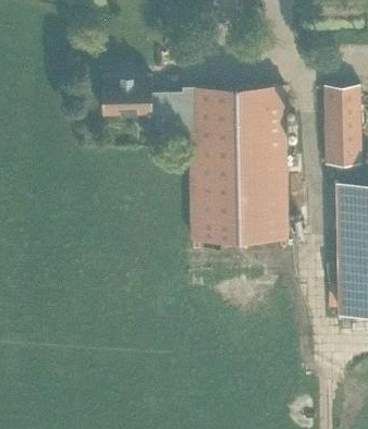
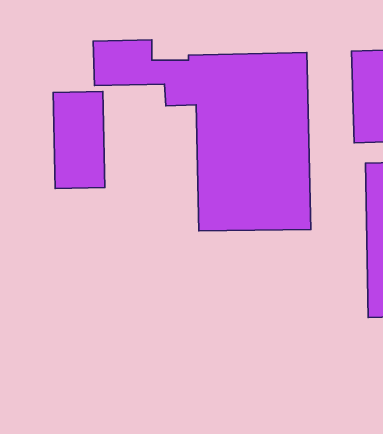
building: none -> [53,92,105,188]

